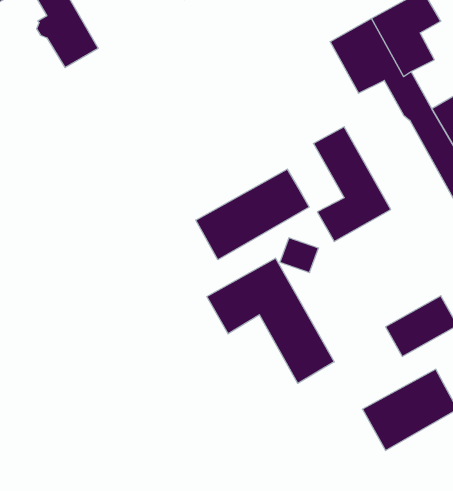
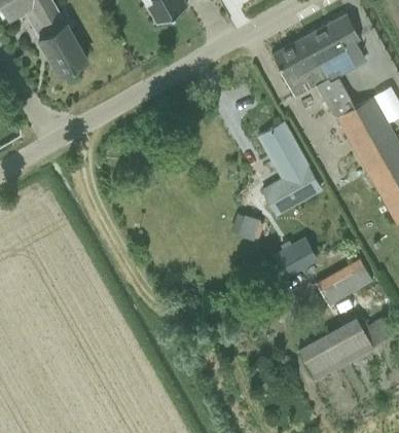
building: [196,169,309,260] -> none
building: [207,258,334,383] -> none
building: none -> [275,238,319,279]

